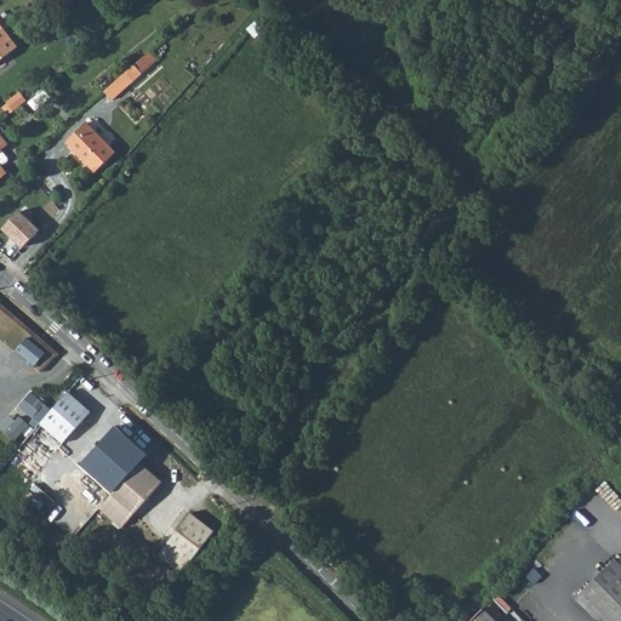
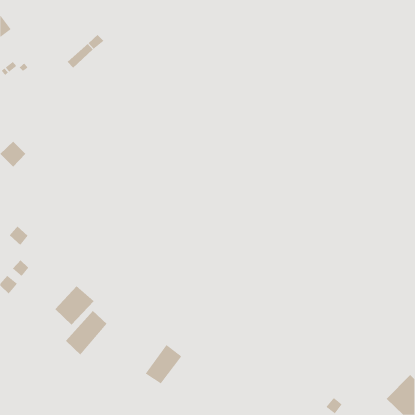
building: [65,125,114,171] -> none
building: [40,394,91,446] -> none
building: [158,511,213,570] -> [145,344,182,384]

